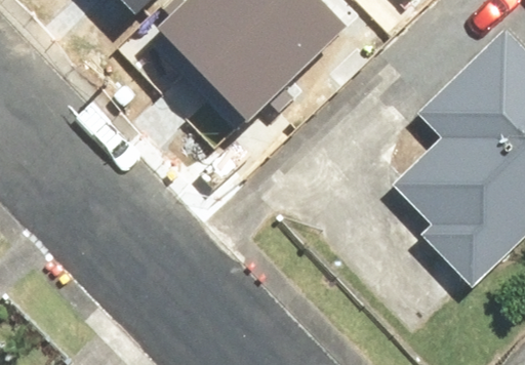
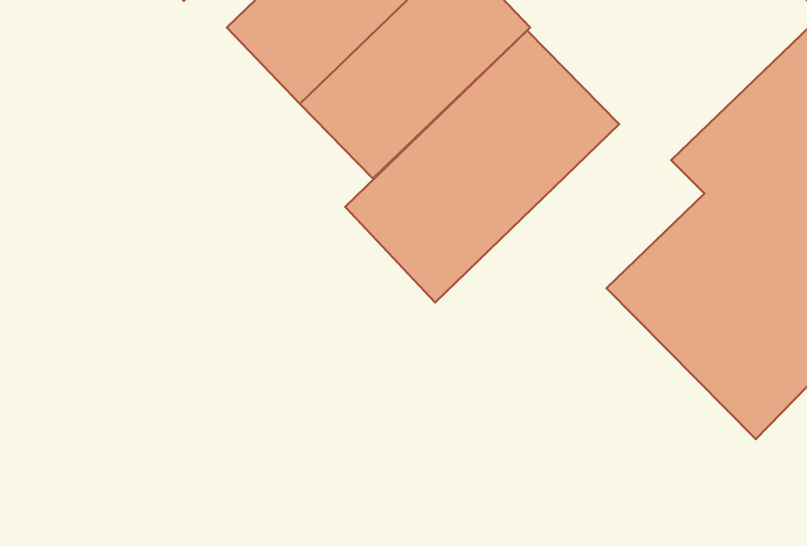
building: none -> [345,30,619,302]

